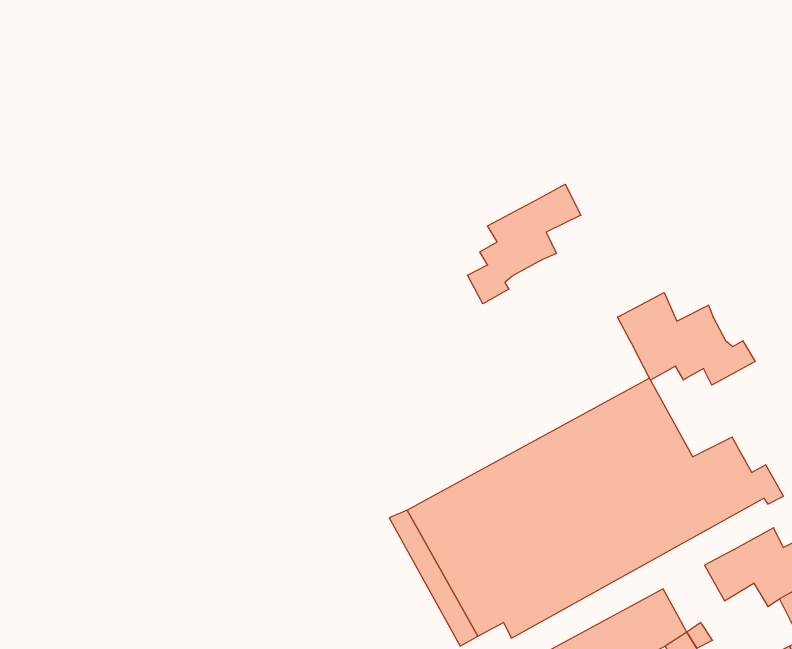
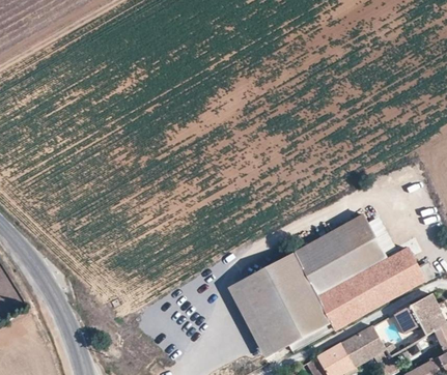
building: [467,184,581,304] -> none
building: [617,293,755,385] -> none

